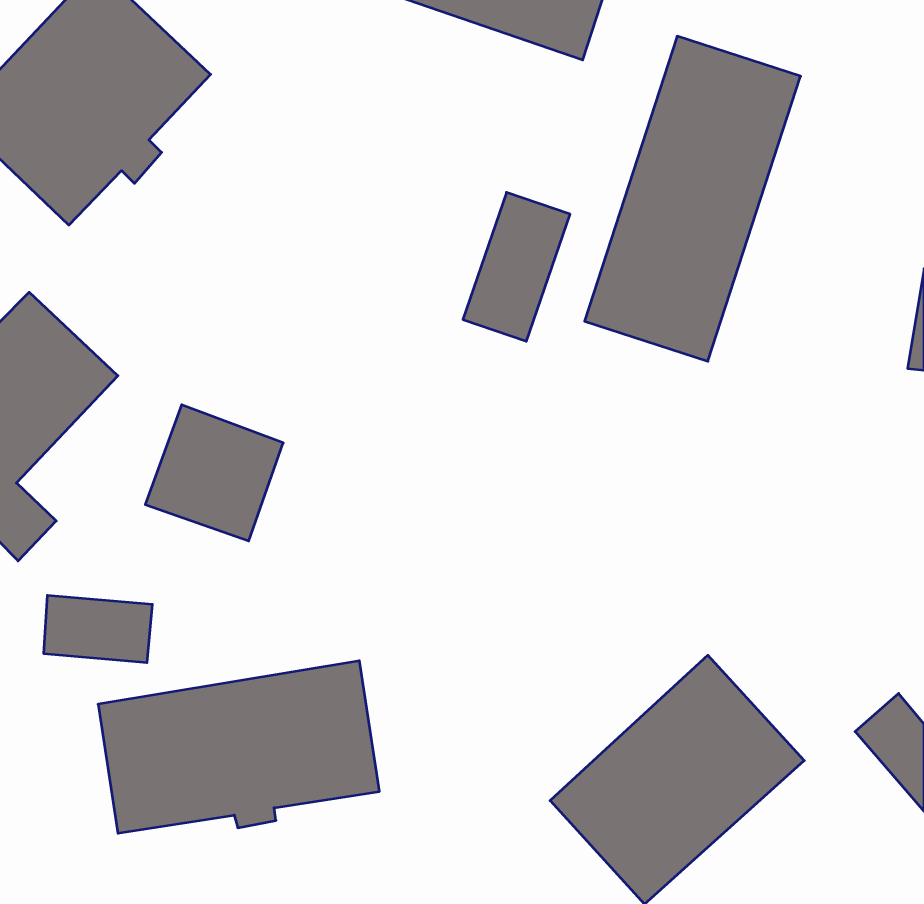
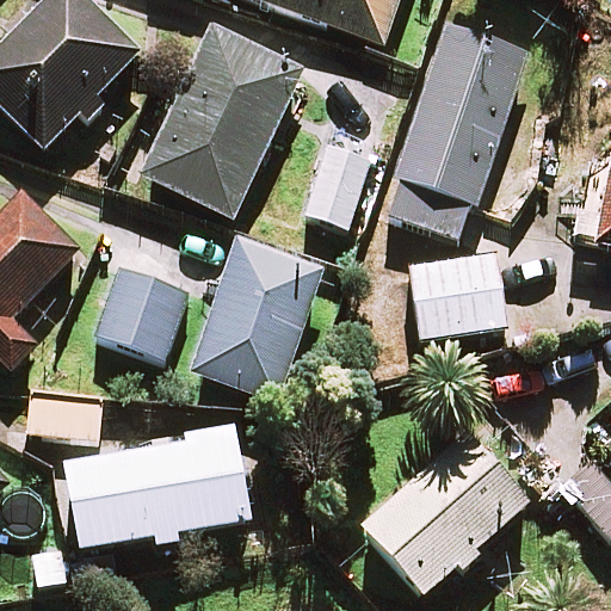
building: none -> [140,27,302,216]
building: none -> [192,240,322,400]
building: none -> [412,257,506,338]

